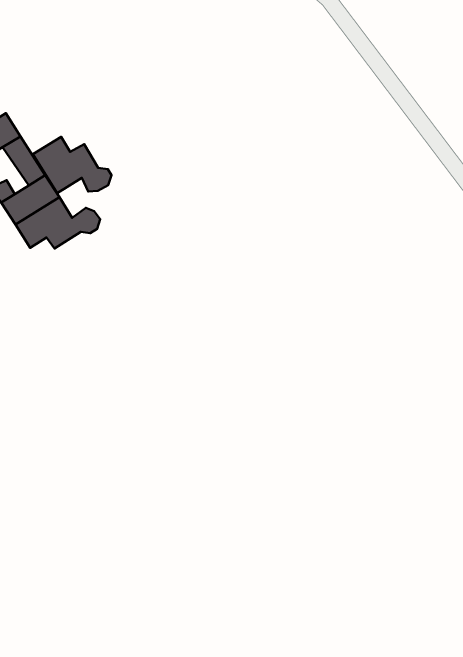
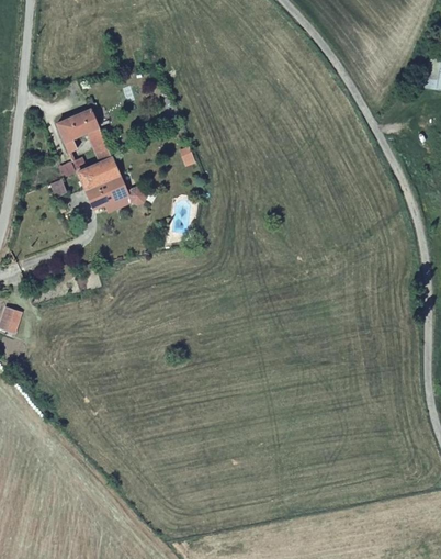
building: [33,137,112,193] -> none

